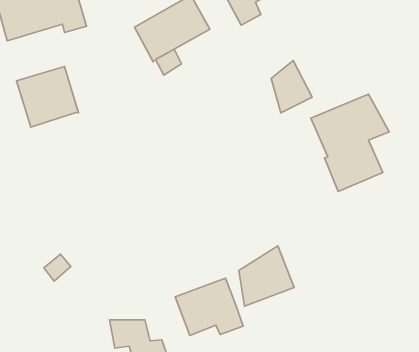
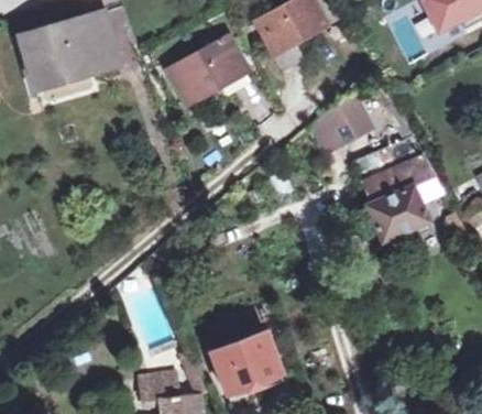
building: none -> [336,90,375,143]
building: [17,67,79,127] -> none
building: [239,246,294,306] -> none

